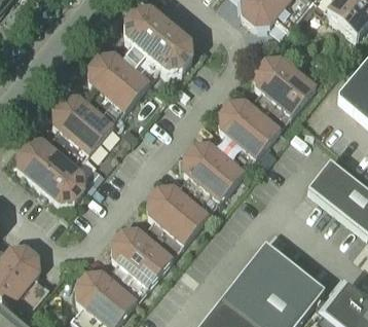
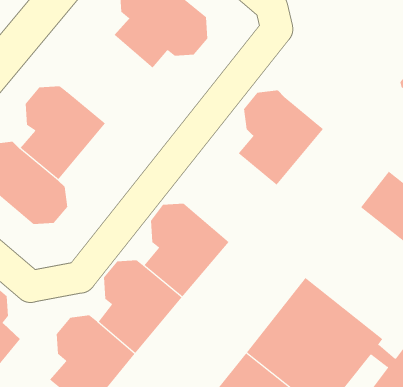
building: [84,51,150,123] -> none
building: [251,56,317,128] -> none
building: [174,141,245,214] -> none

